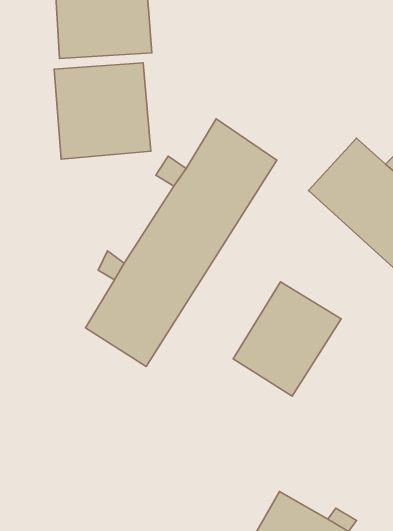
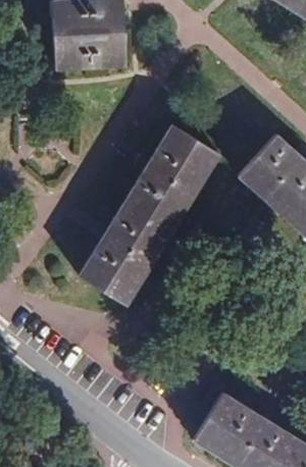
building: [54,63,151,159] -> none
building: [233,282,341,396] -> none

